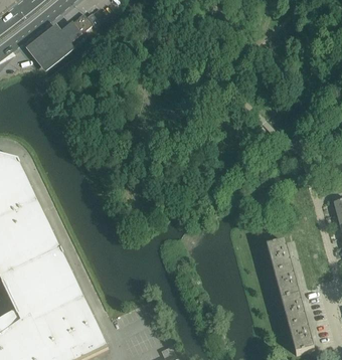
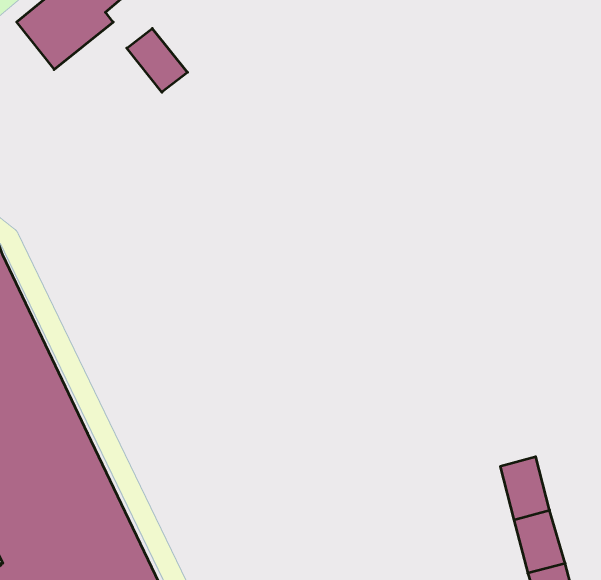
building: none -> [127,28,188,92]
building: [266,238,292,271] -> none

